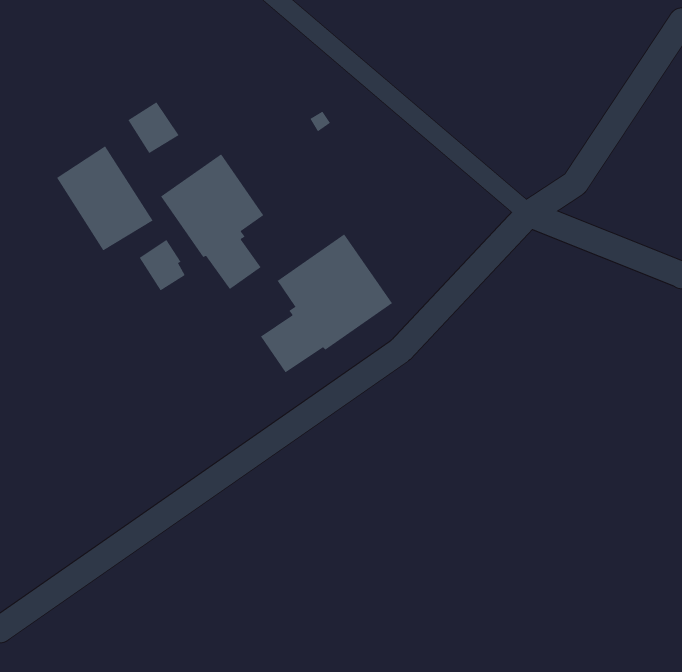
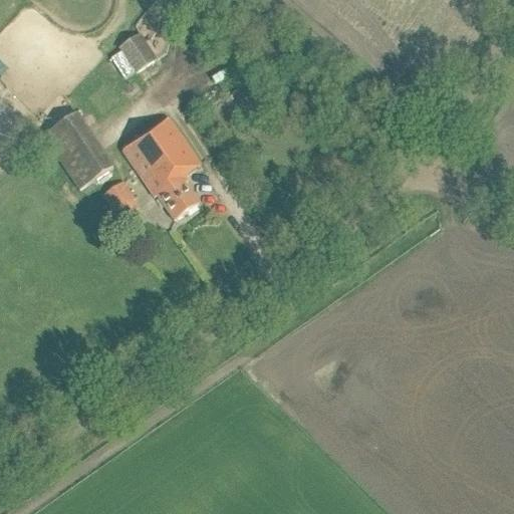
building: [127,102,180,154] -> [119,32,159,71]
building: [260,233,393,373] -> none

